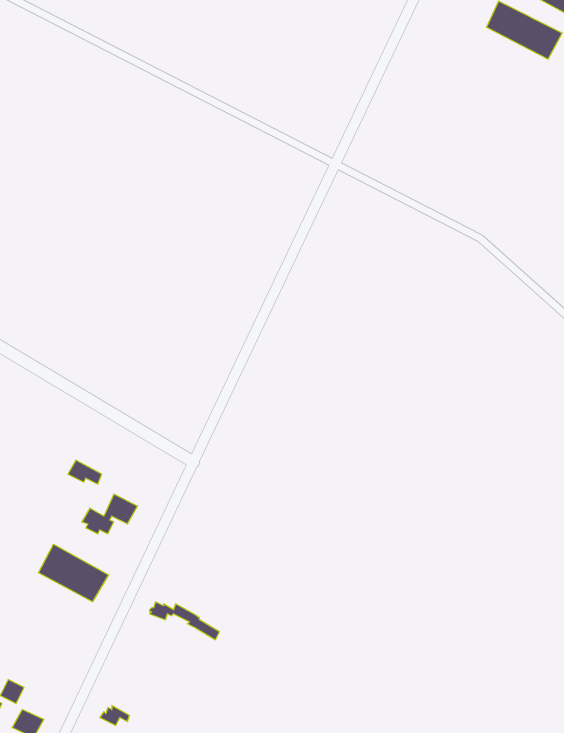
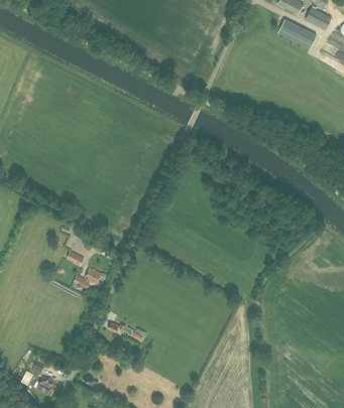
building: [39,544,108,602] -> none

